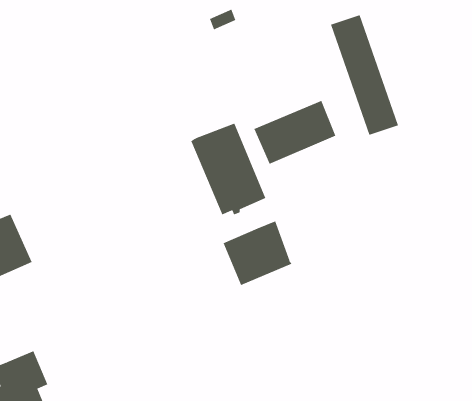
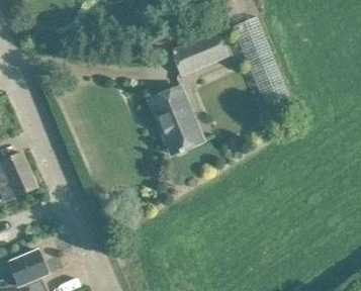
building: [254,100,336,164] -> [169,29,228,75]
building: [223,221,292,286] -> none

